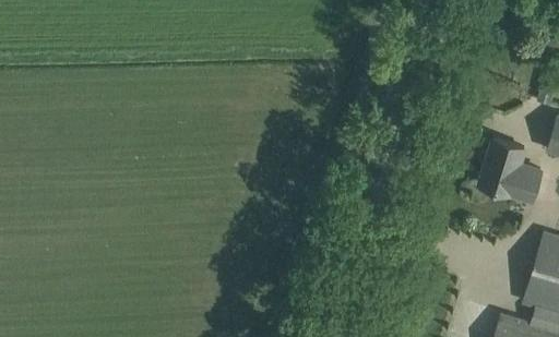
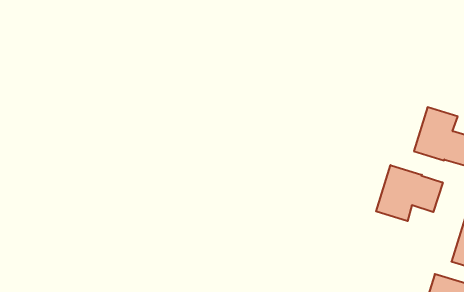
building: none -> [376,165,443,221]

